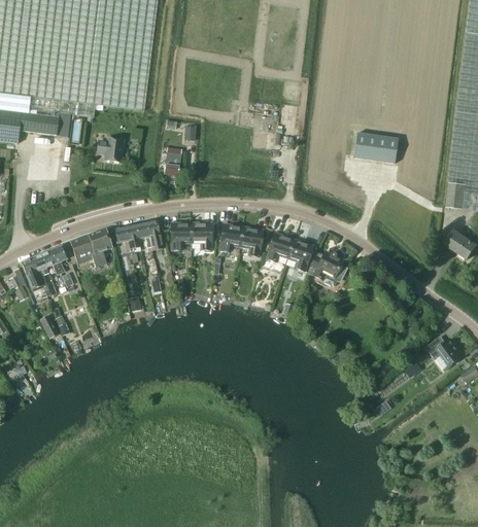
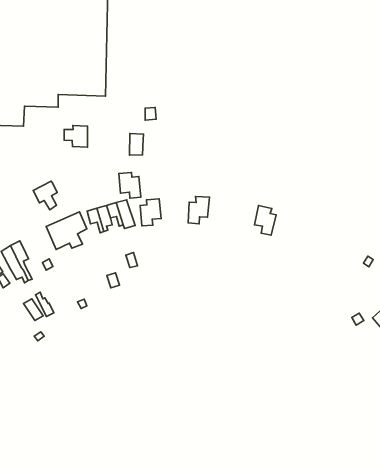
building: [354,133,399,163] -> none
building: [192,222,212,249] -> [119,172,141,198]
building: [240,225,263,256] -> none
building: [267,234,295,261] -> none
building: [42,245,67,275] -> [33,181,57,210]
building: [309,251,345,285] -> none

